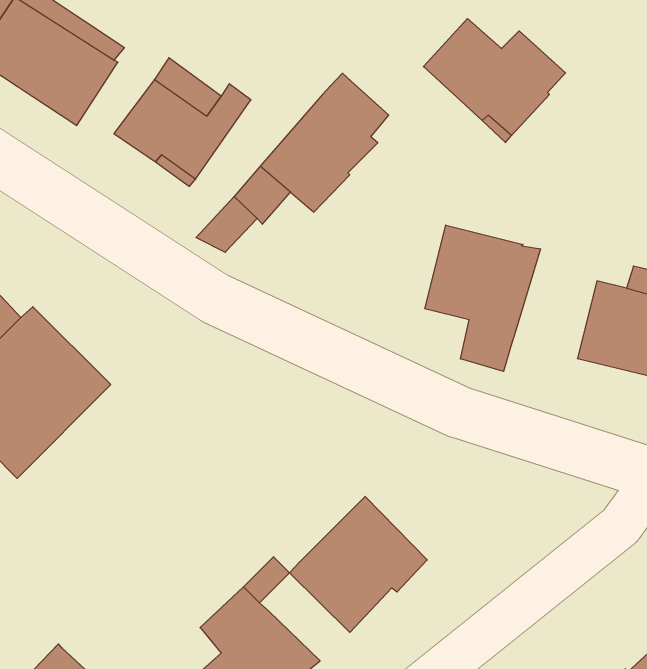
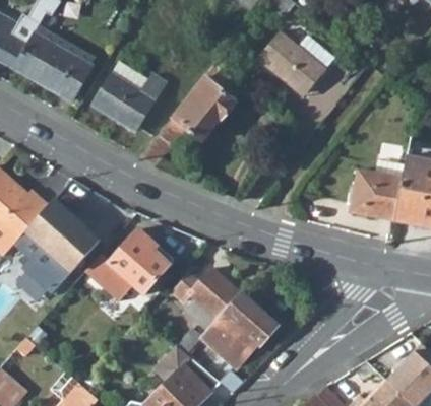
building: [425,225,540,371] -> none
building: none -> [84,230,173,302]
building: none -> [171,268,239,331]

